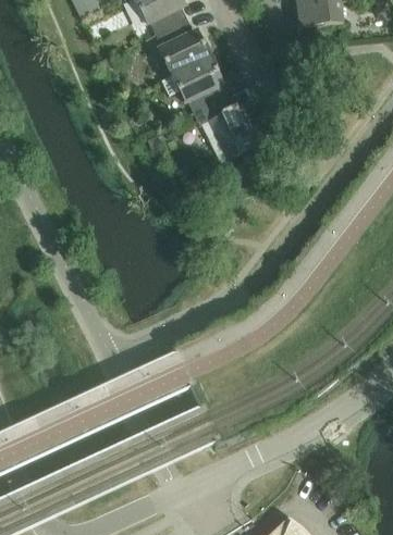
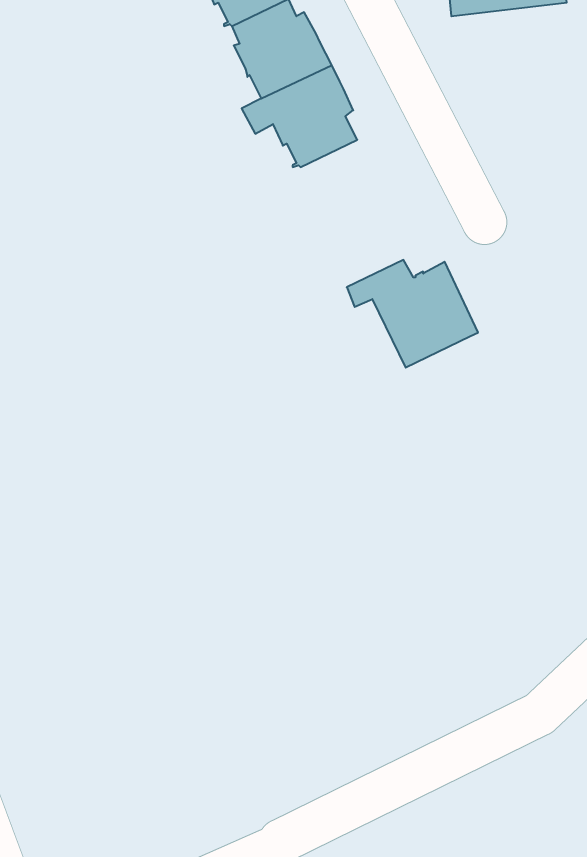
building: [194,97,267,157] -> [347,260,478,368]

